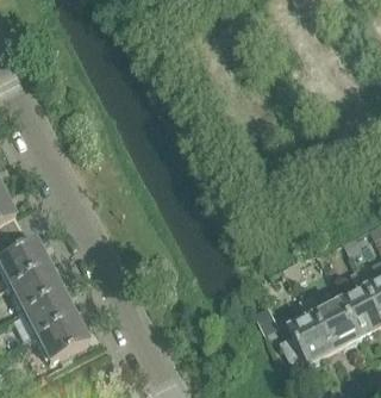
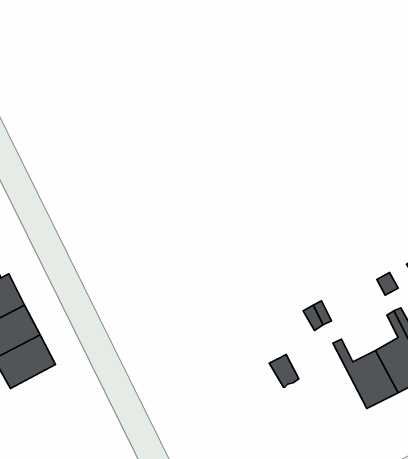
building: [281,291,336,360] -> none
building: [36,309,88,355] -> none

